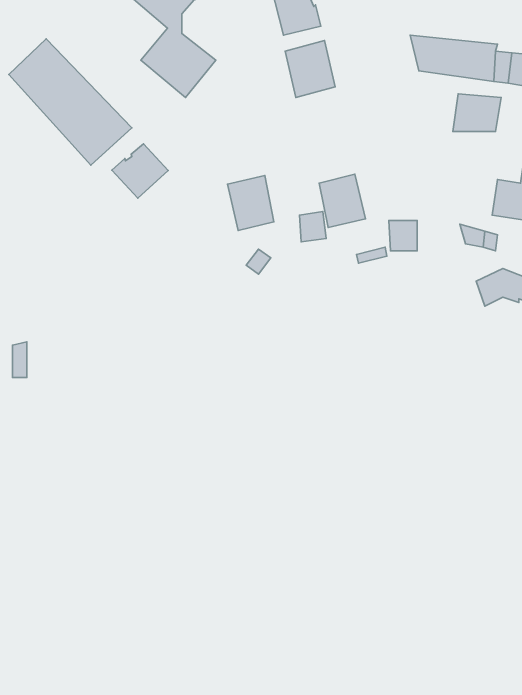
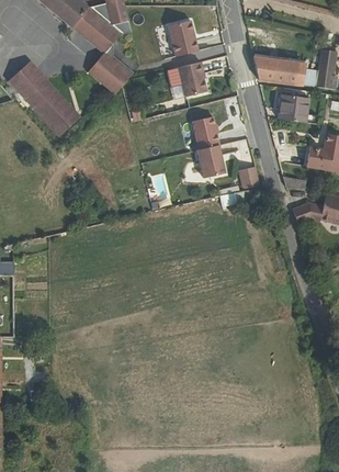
building: [112,144,168,198] -> none
building: [227,175,274,231] -> [190,113,218,147]

